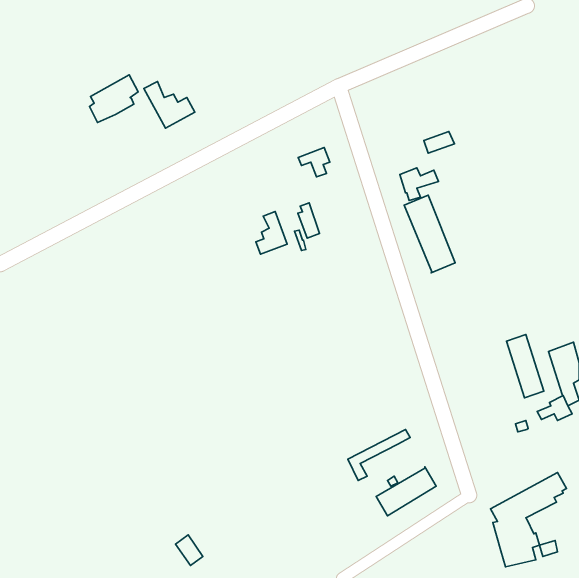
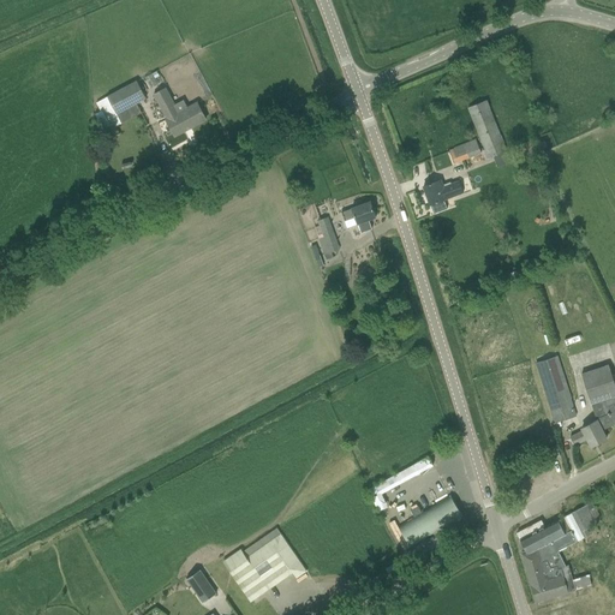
building: none -> [468,100,506,156]
building: [298,147,330,177] -> [342,201,376,232]
building: [404,195,455,273] -> none
building: [256,211,287,254] -> none
building: none -> [222,532,308,602]

